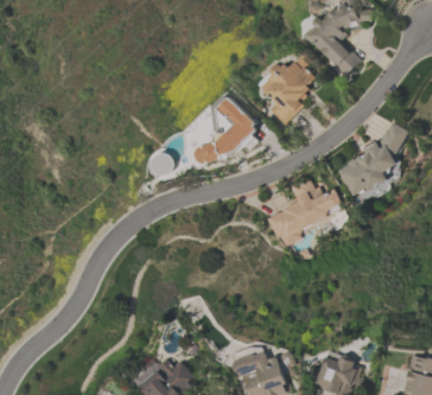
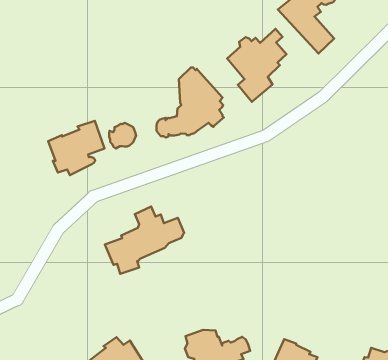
building: [338,121,411,199] -> none
building: none -> [48,121,104,175]
building: [266,179,342,246] -> [105,206,184,274]

